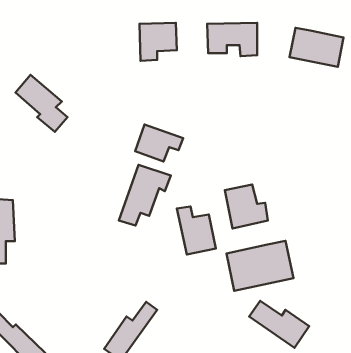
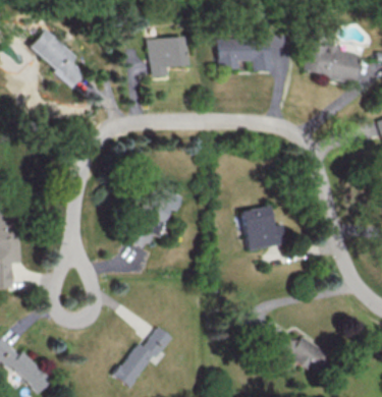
building: [16,75,68,132] -> [30,29,84,88]
building: [135,125,183,161] -> none
building: [177,206,216,255] -> none
building: [226,241,293,291] -> none

